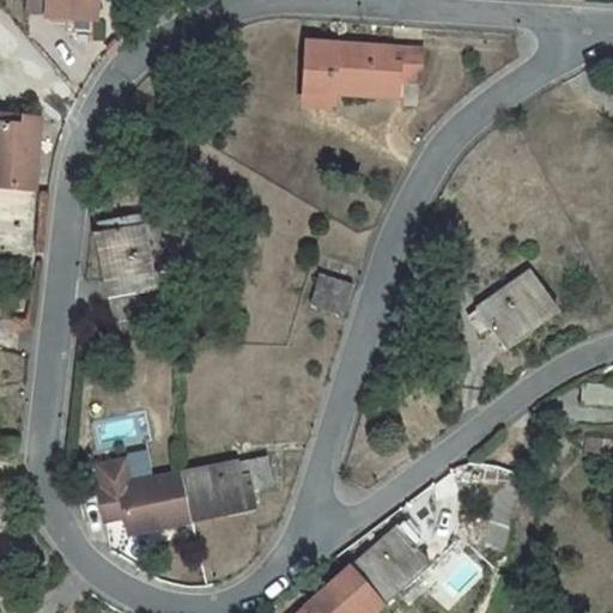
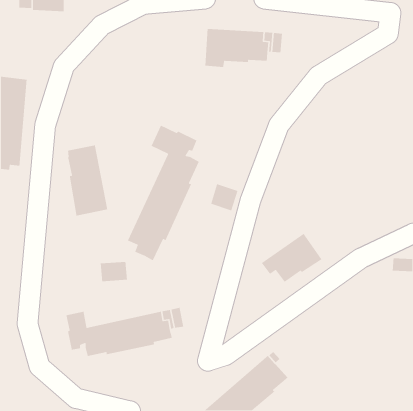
building: none -> [127,124,200,262]
building: [468,271,559,345] -> [261,233,322,283]
building: none -> [100,261,128,282]

